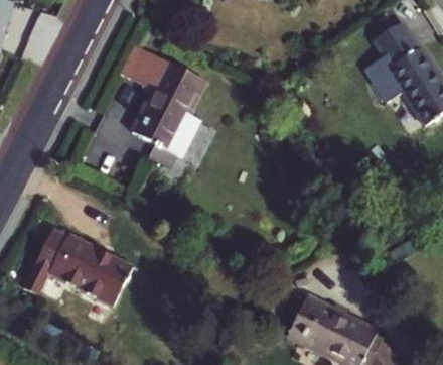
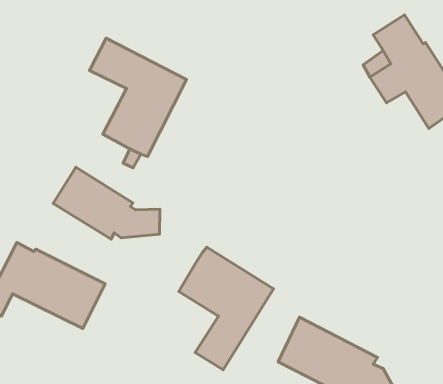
building: none -> [53,167,160,239]
building: none -> [179,247,274,370]

